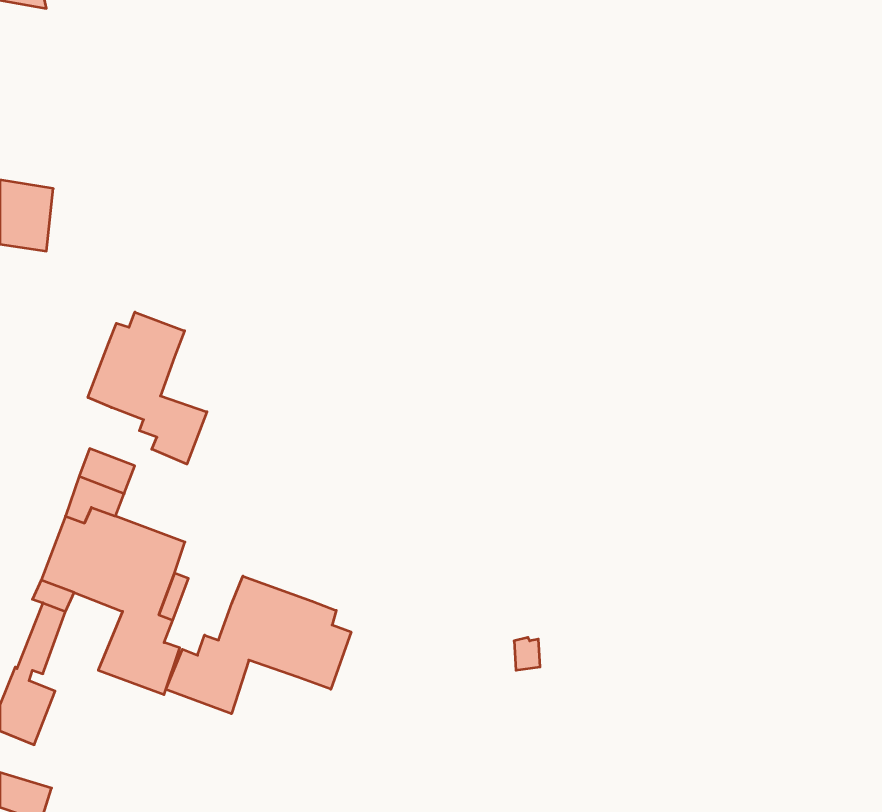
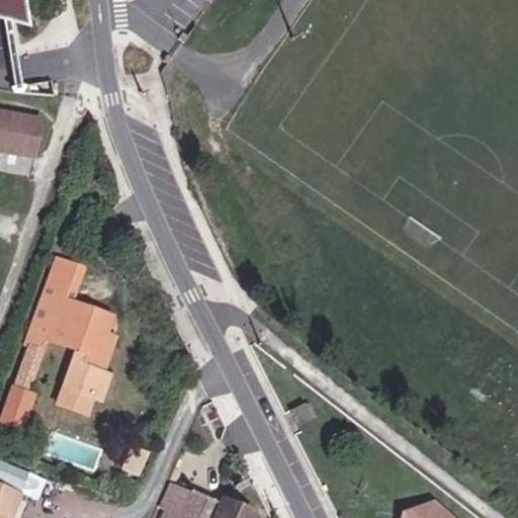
building: [88,312,207,464] -> none
building: [166,576,351,714] -> none

